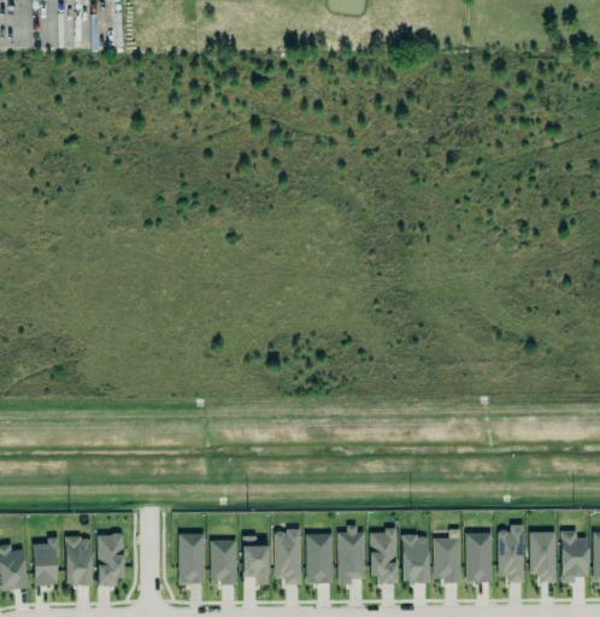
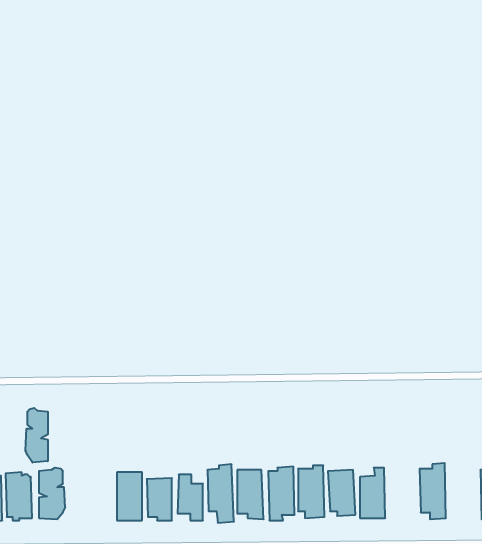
building: none -> [26,408,48,463]
building: [528,529,555,581] -> none
building: [465,533,492,582] -> none

